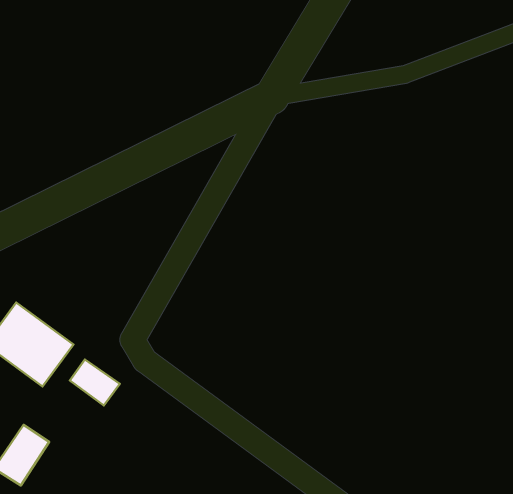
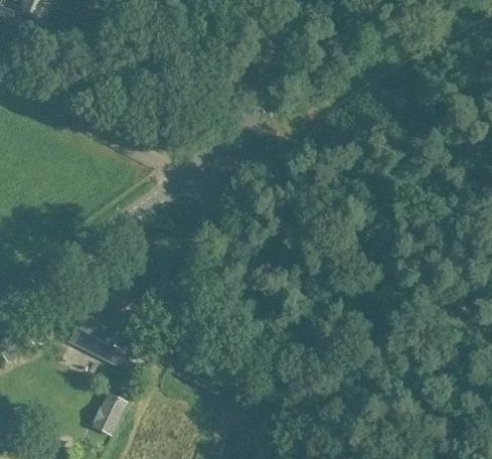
building: [70,359,120,405] -> none

